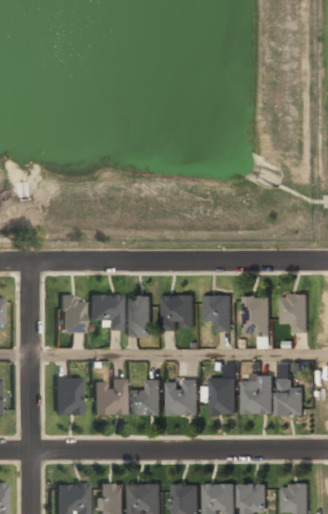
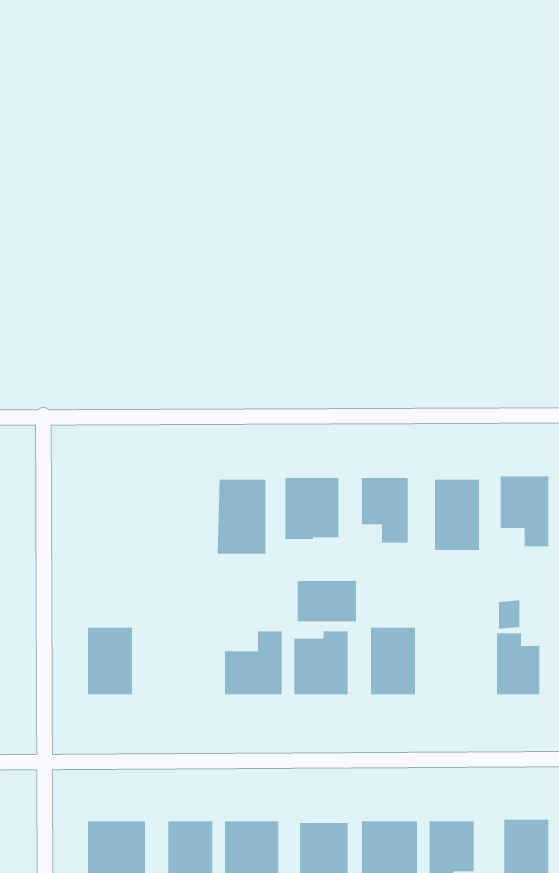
building: [61,295,85,333] -> none
building: [90,295,122,331] -> none
building: none -> [297,580,356,622]
building: [244,376,275,414] -> none
building: [94,379,125,415] -> none

